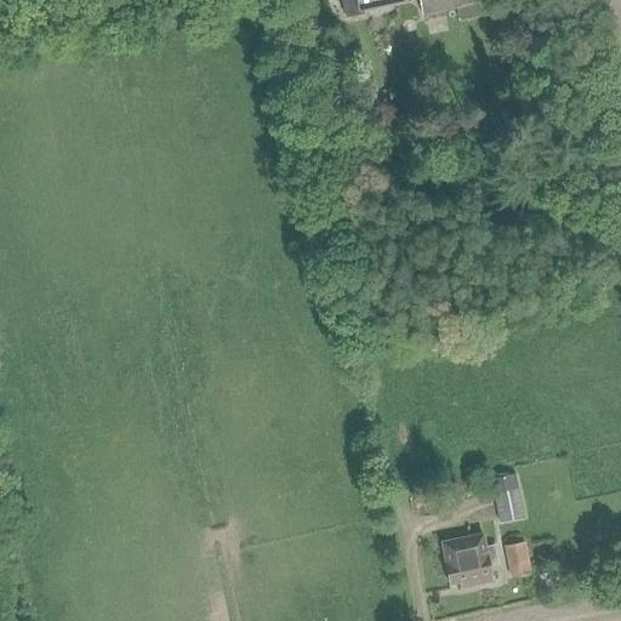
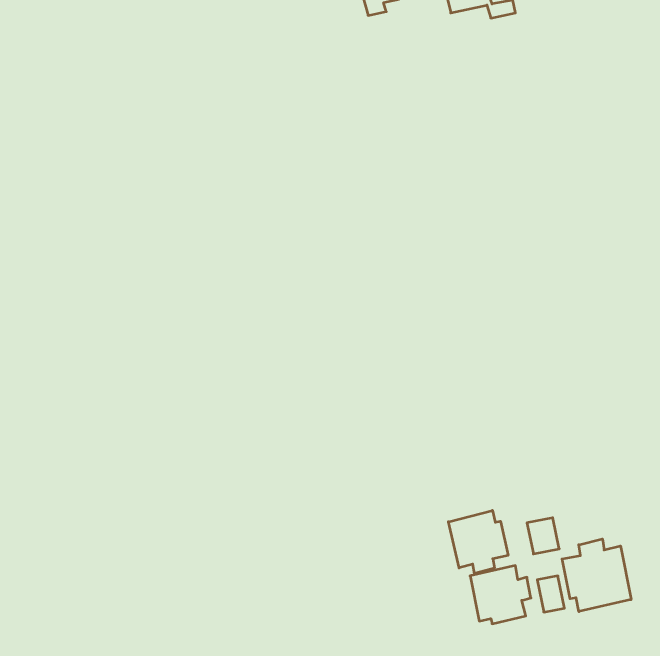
building: none -> [448,510,508,574]
building: none -> [562,539,631,612]

